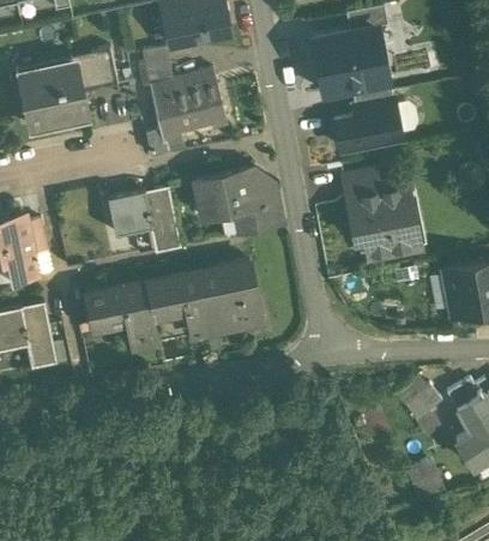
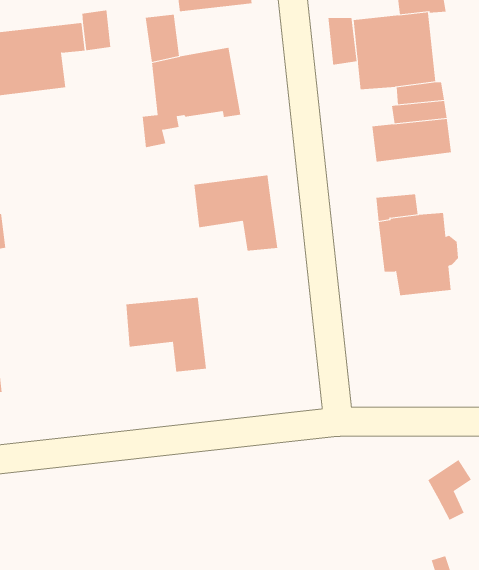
building: none -> [328,17,357,65]
building: [107,187,179,251] -> none
building: [258,187,284,228] -> none
building: [205,265,256,331] -> none
building: [85,284,158,348] -> none

